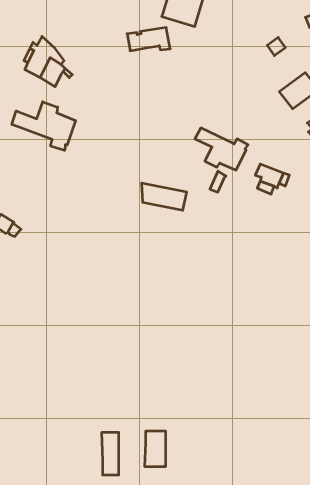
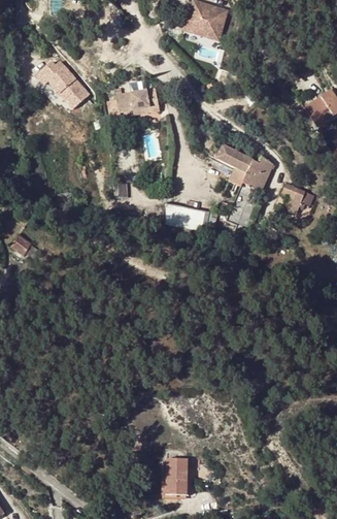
building: [127,28,170,51] -> [116,88,161,111]
building: [12,102,76,150] -> none
building: [102,432,119,475] -> none

